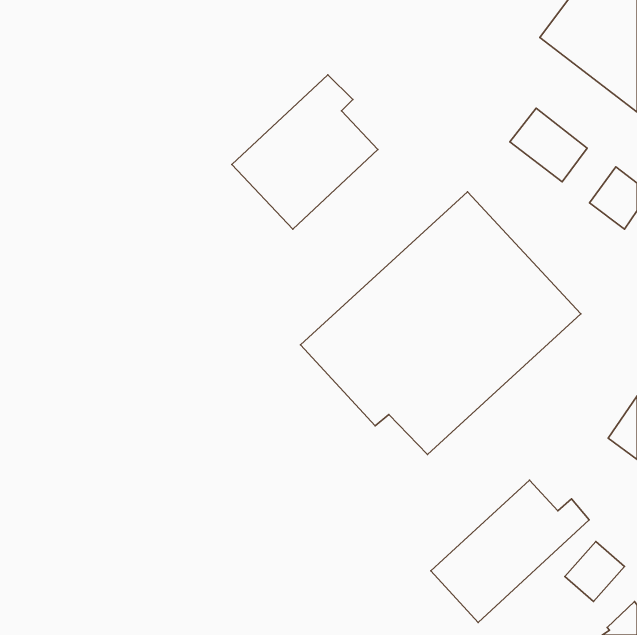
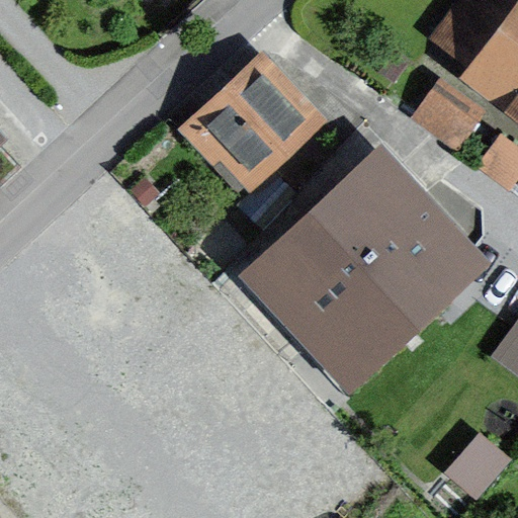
building: [431,480,589,622] -> none

